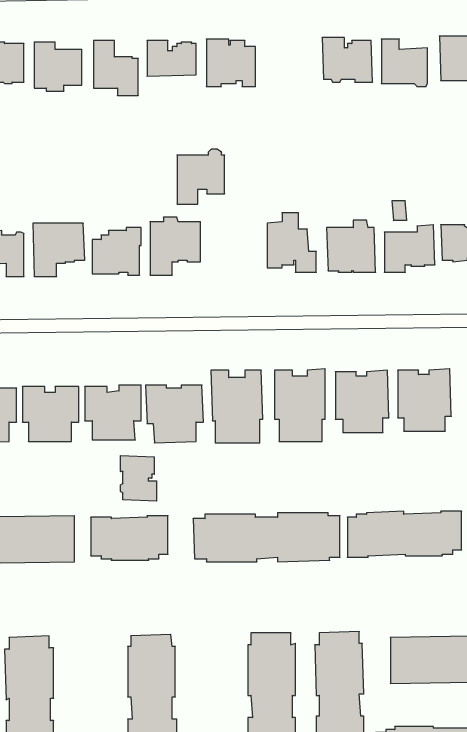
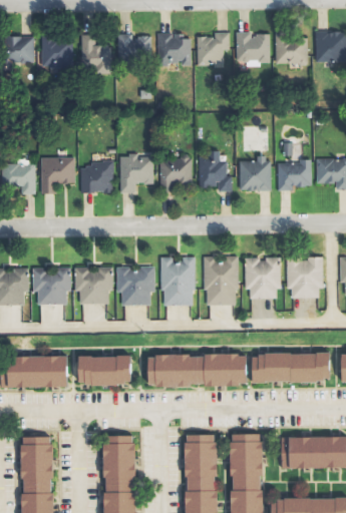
building: none -> [197,33,229,65]
building: [177,149,225,204] -> [159,154,192,191]
building: [121,456,157,501] -> none

